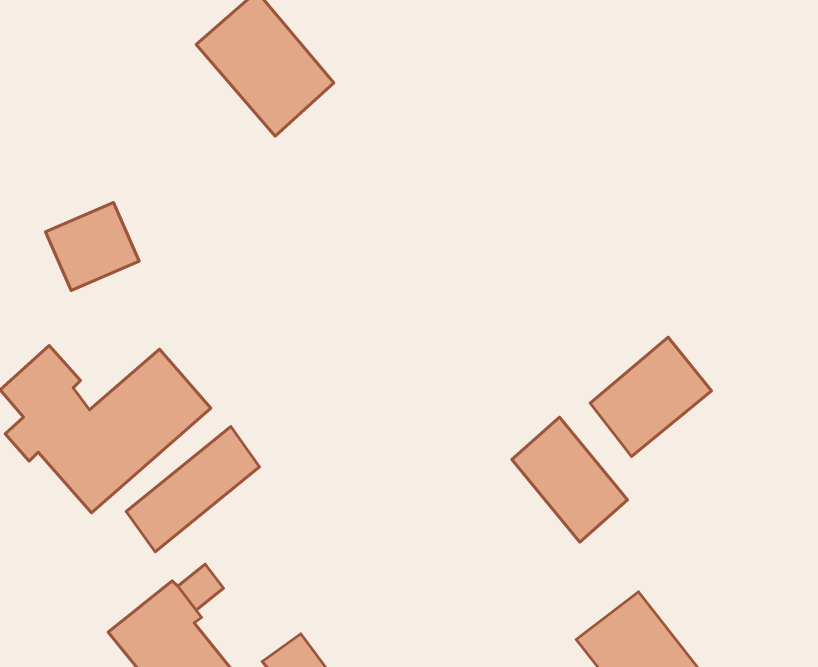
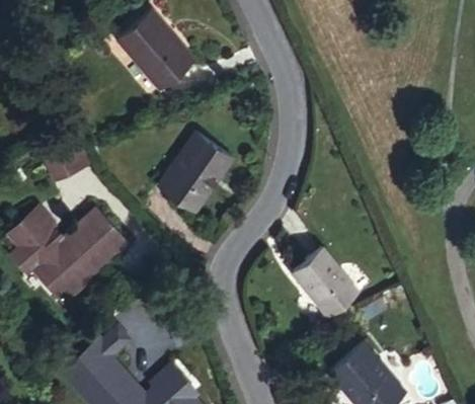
building: none -> [161,137,231,214]
building: [590,337,711,456] -> none
building: [126,427,260,552] -> none

